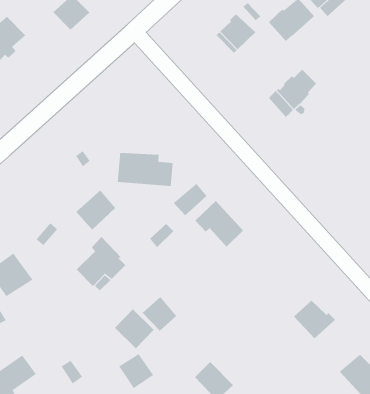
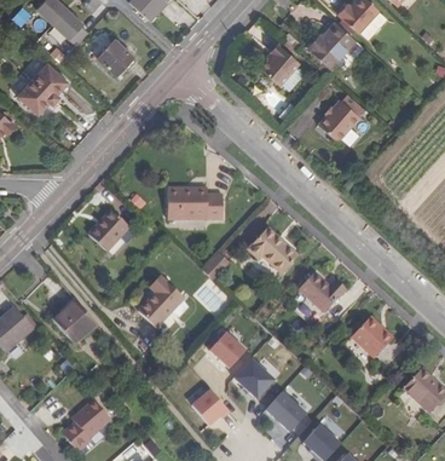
building: [75,189,116,230] -> [89,209,129,250]
building: none -> [302,278,348,318]
building: [114,309,154,349] -> [232,357,272,397]

